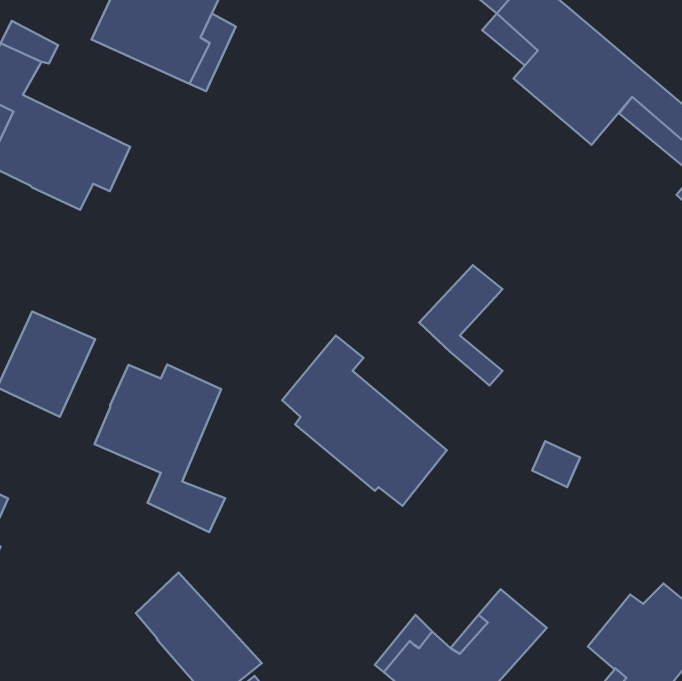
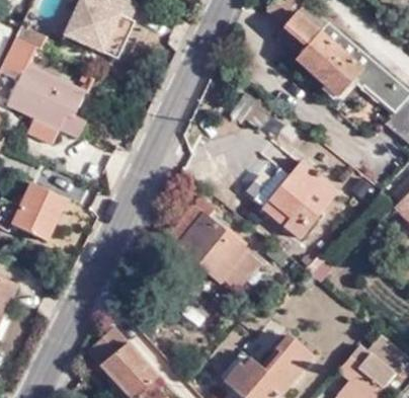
building: none -> [26,114,84,145]
building: none -> [266,159,340,239]
building: [95,365,225,532] -> none

